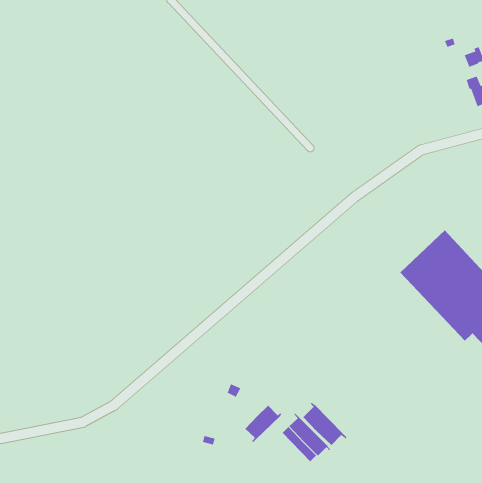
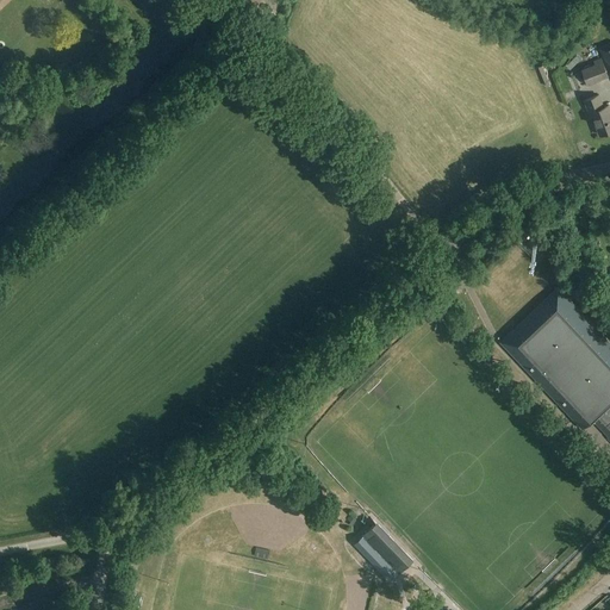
building: [302,402,347,446] -> none
building: [245,405,282,443] -> none

